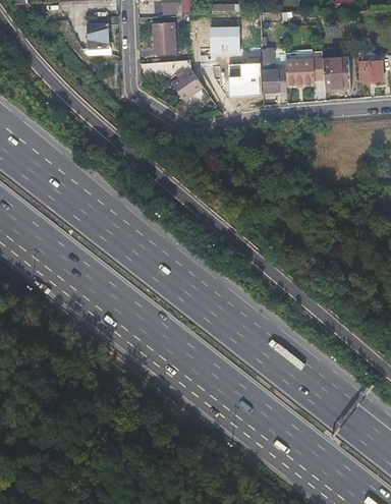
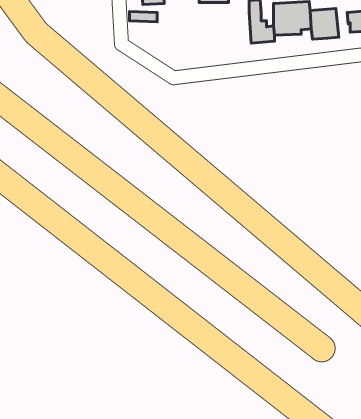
building: [228,62,262,94] -> none
building: [170,67,203,99] -> none

